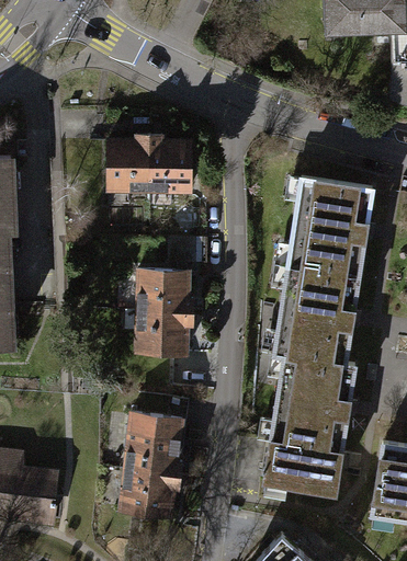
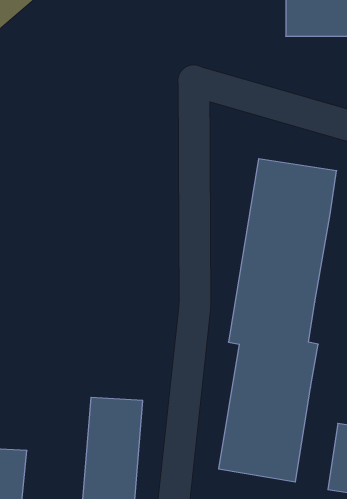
building: [106,133,186,203] -> none
building: [131,272,190,368] -> none

